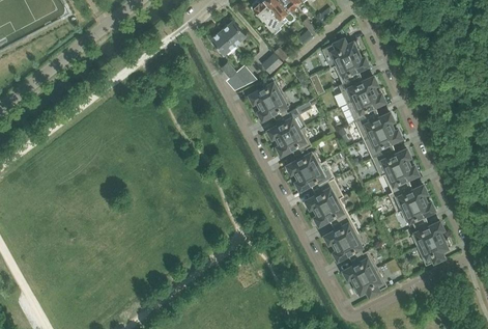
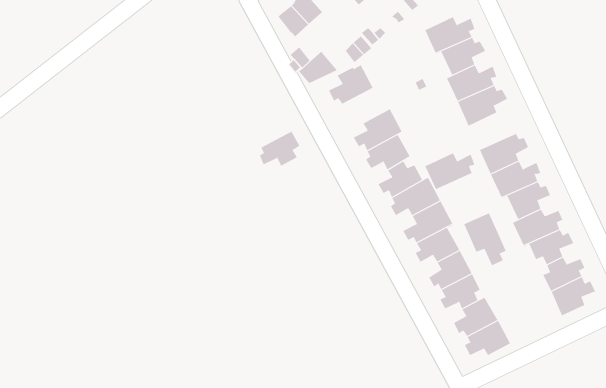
building: [259,93,296,120] -> [259,131,308,167]
building: [355,112,394,140] -> [425,153,475,190]
building: none -> [464,213,506,266]

